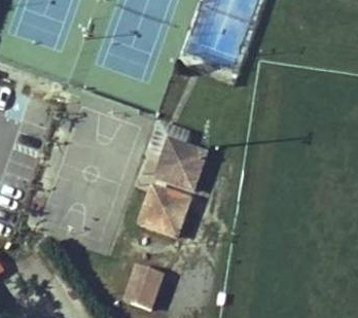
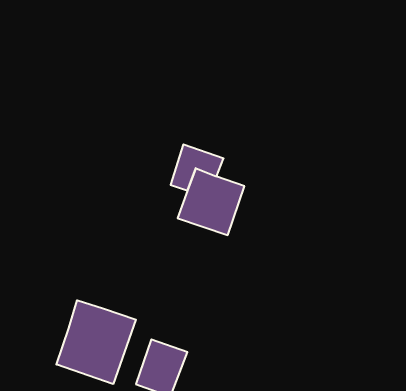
building: [140,185,189,235] -> none
building: none -> [56,300,136,384]

